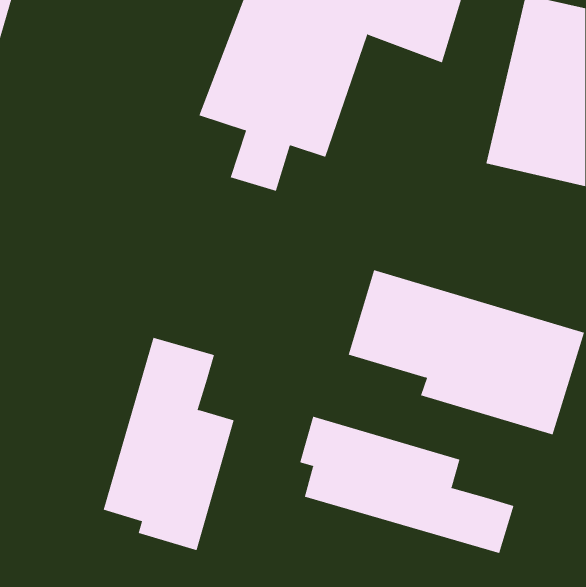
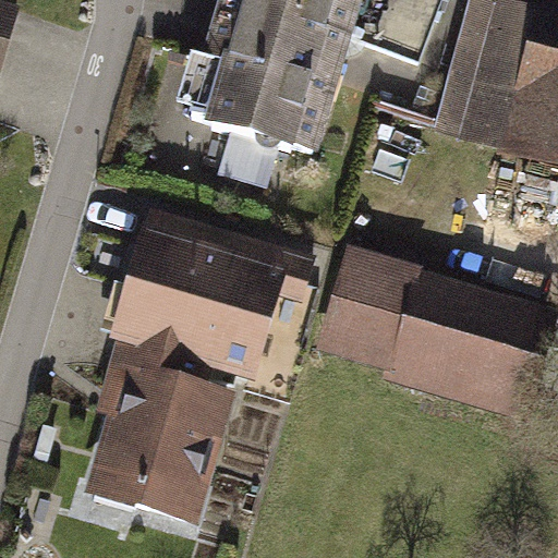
building: none -> [116,206,304,369]
building: [299,416,514,554] -> none

